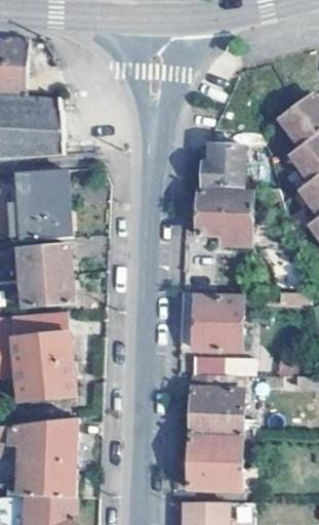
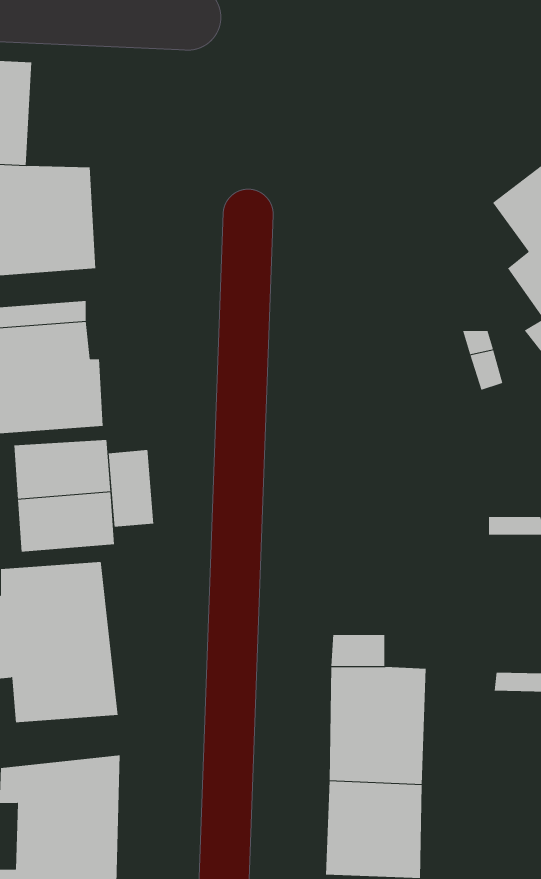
building: [201,128,266,184] -> none
building: [196,189,251,242] -> none
building: none -> [108,449,154,528]
building: [193,293,243,347] -> none

